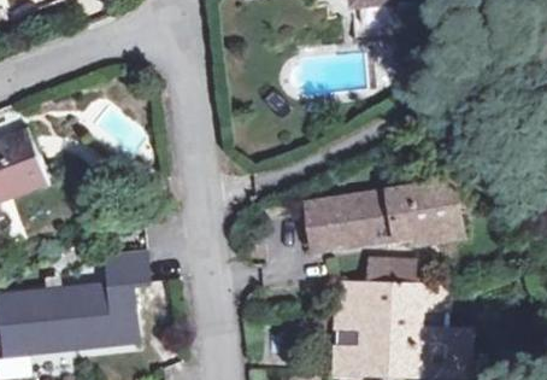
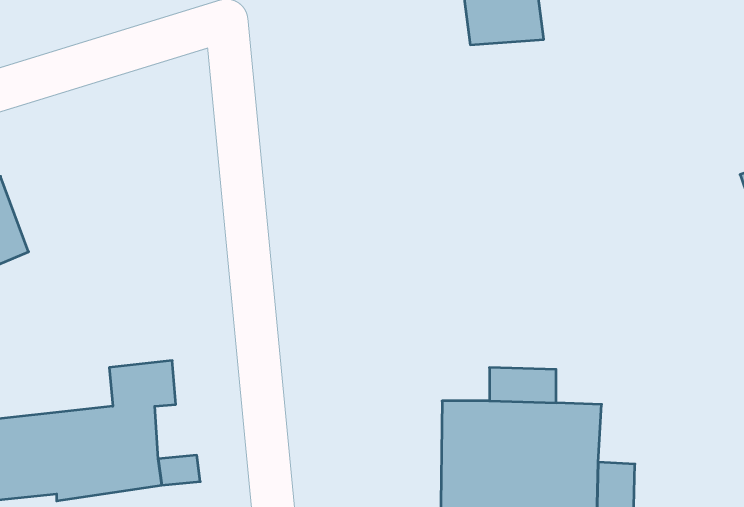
building: [306,185,457,253] -> none

